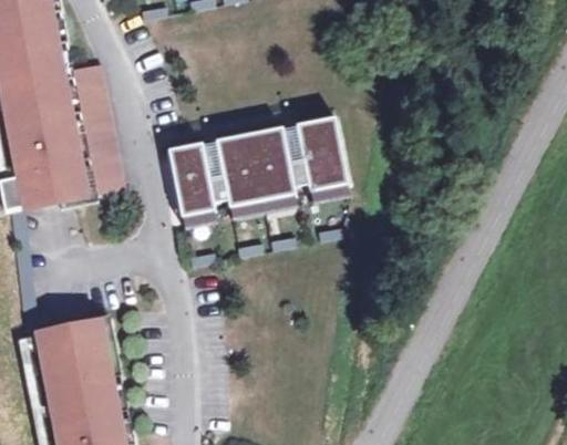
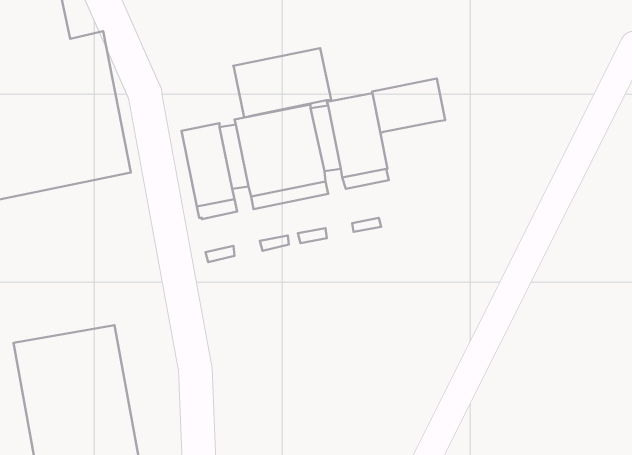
building: none -> [233,48,331,118]
building: none -> [372,79,445,133]

